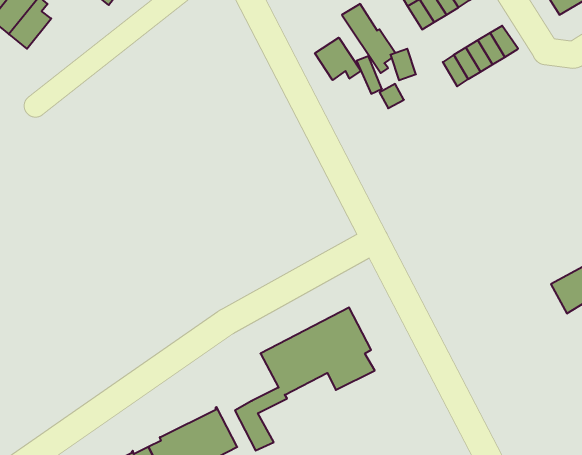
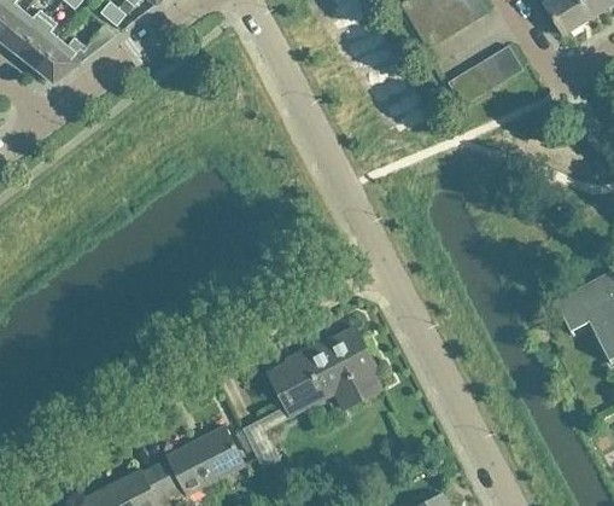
building: none -> [35,27,115,82]
building: [315,38,361,80] -> none

